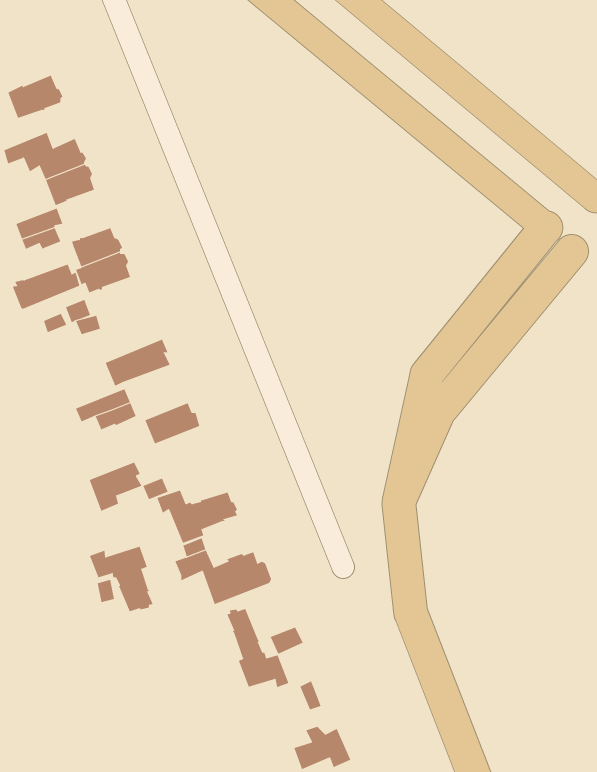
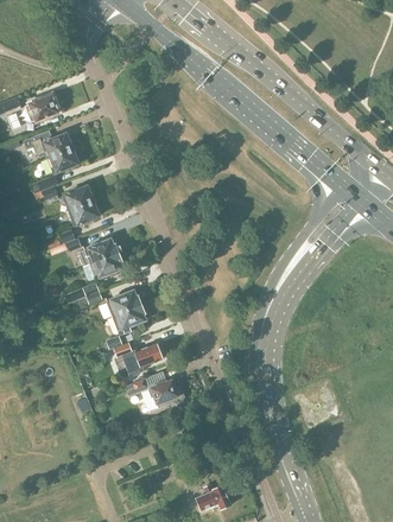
building: [12,264,80,310] -> [78,238,119,266]
building: [89,462,143,512] -> [114,304,146,333]
building: [89,546,154,612] -> none
building: [227,608,289,688] -> none

